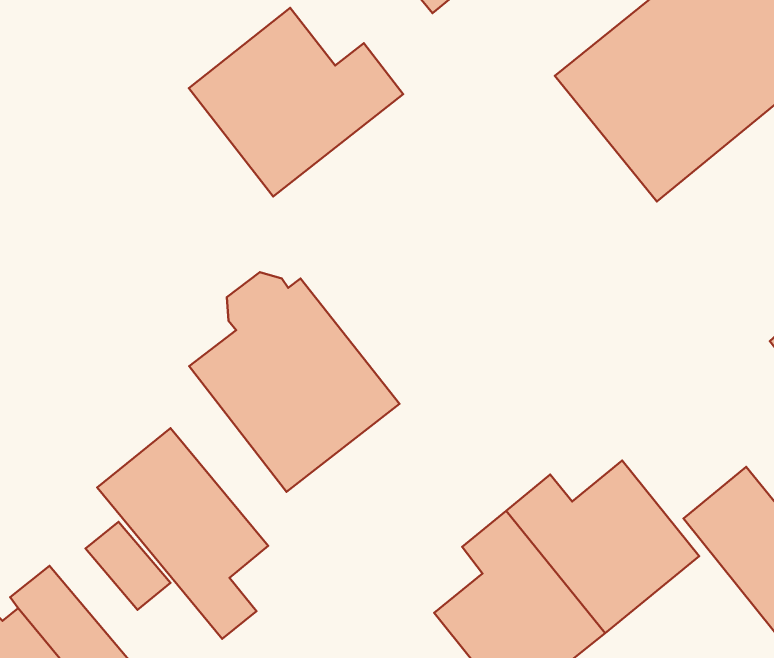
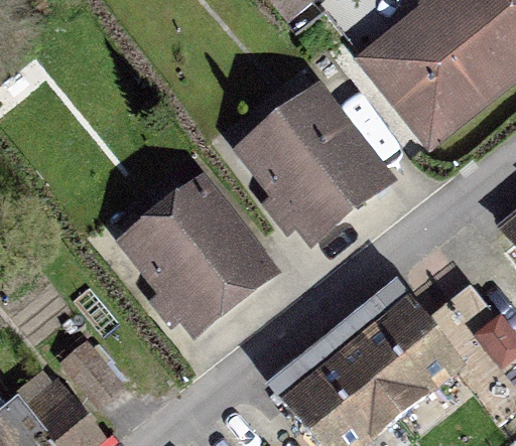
building: [189,8,403,196] -> none
building: none -> [248,95,383,232]
building: [97,428,268,639] -> none

